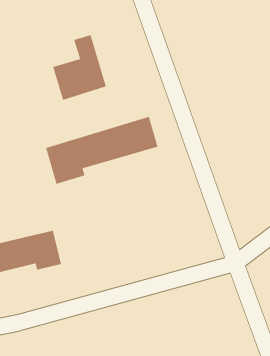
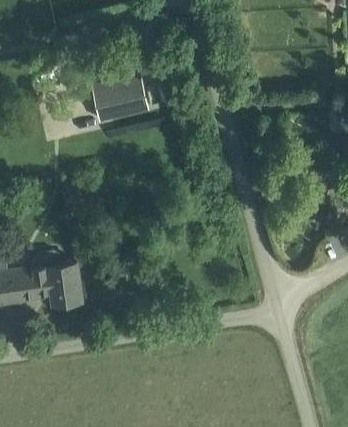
building: [45,116,159,185] -> none

